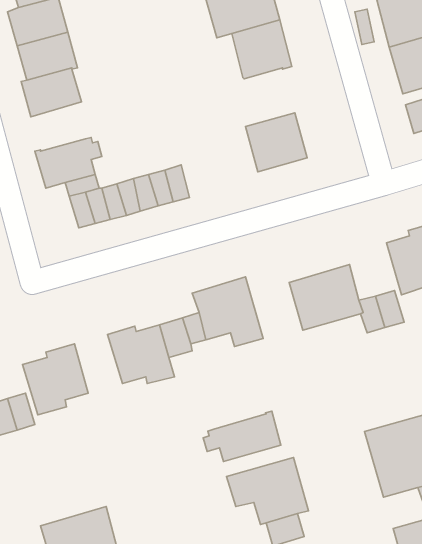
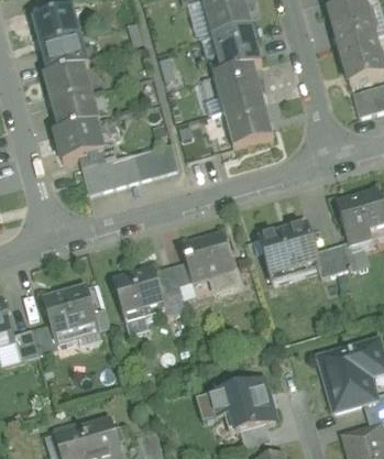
building: none -> [213,64,263,111]
building: none -> [51,91,99,131]
building: [203,411,281,461] -> none

